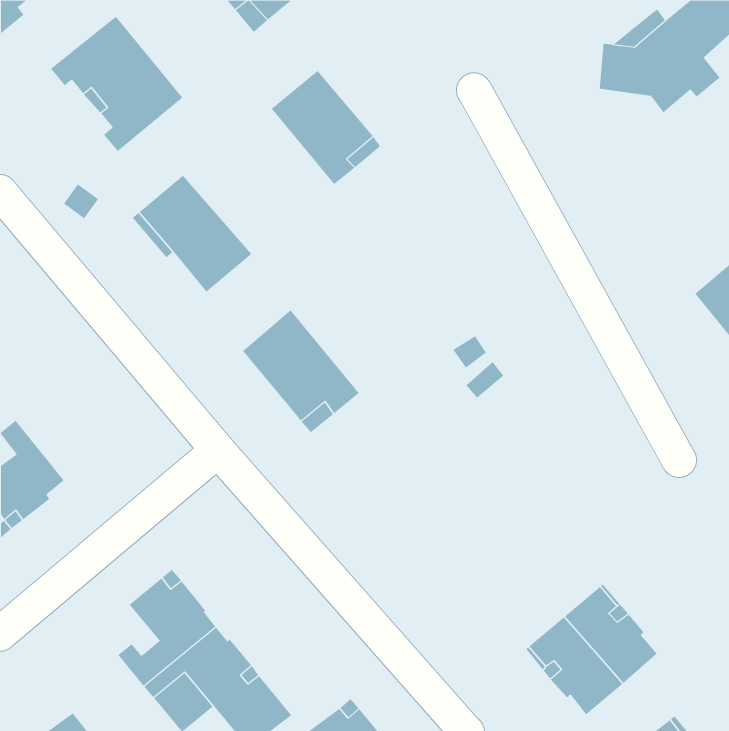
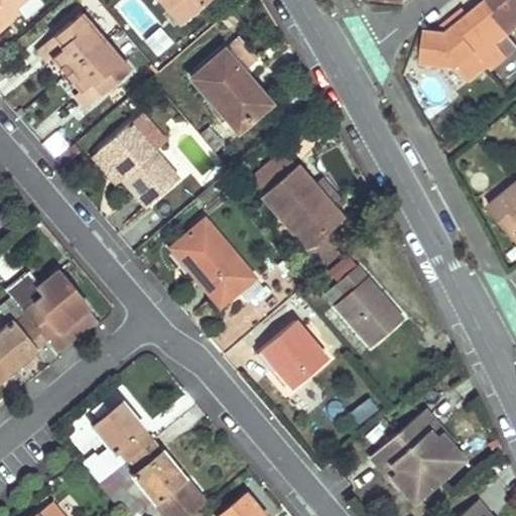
building: none -> [251,151,344,249]
building: none -> [327,267,404,347]
building: none -> [8,270,99,351]
building: none -> [262,319,329,387]

